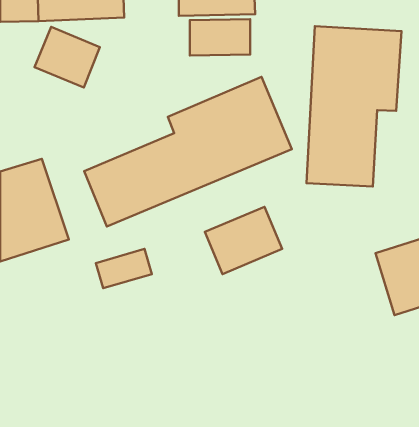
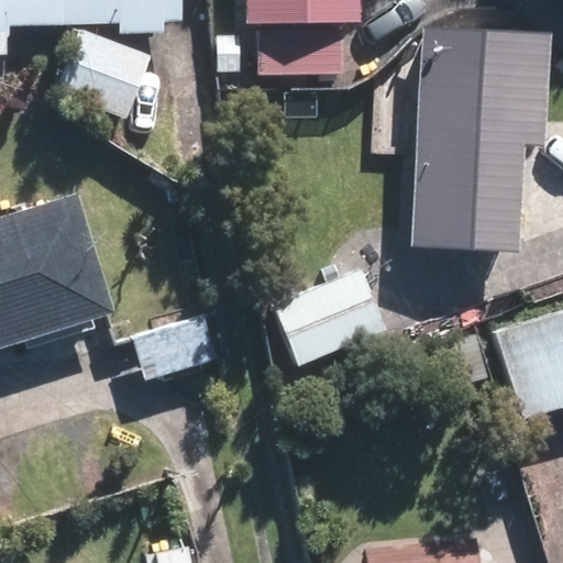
building: [84,77,292,227] -> none

